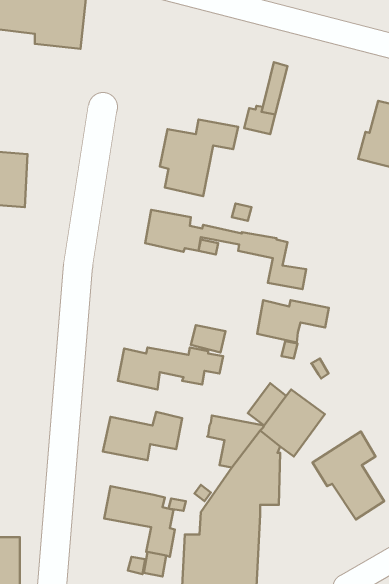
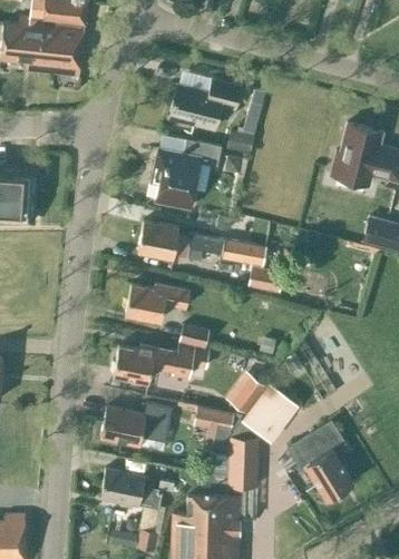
building: none -> [169,80,241,130]
building: [257,300,329,342] -> [126,284,191,322]

